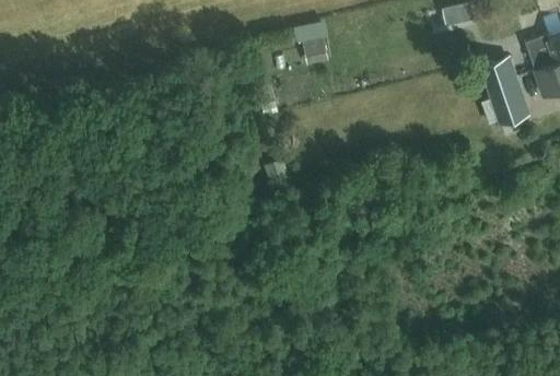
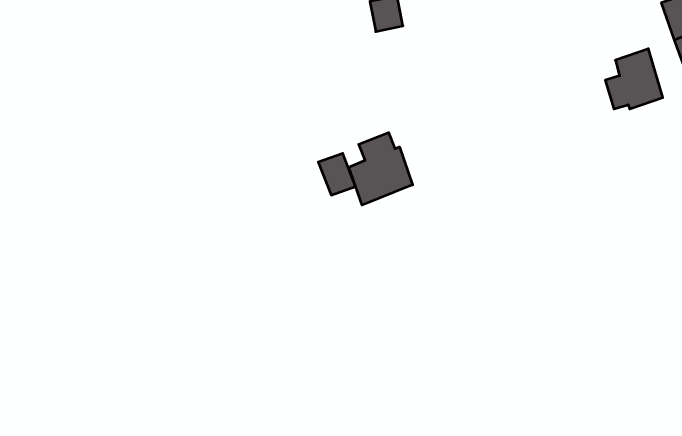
building: [485,57,516,86] -> none
building: none -> [349,133,413,205]

